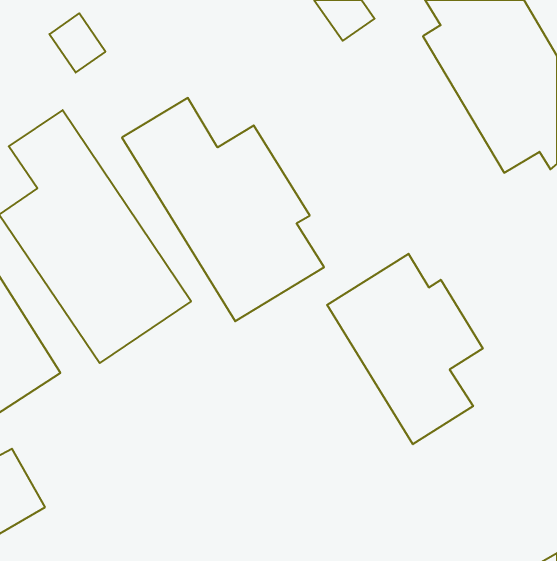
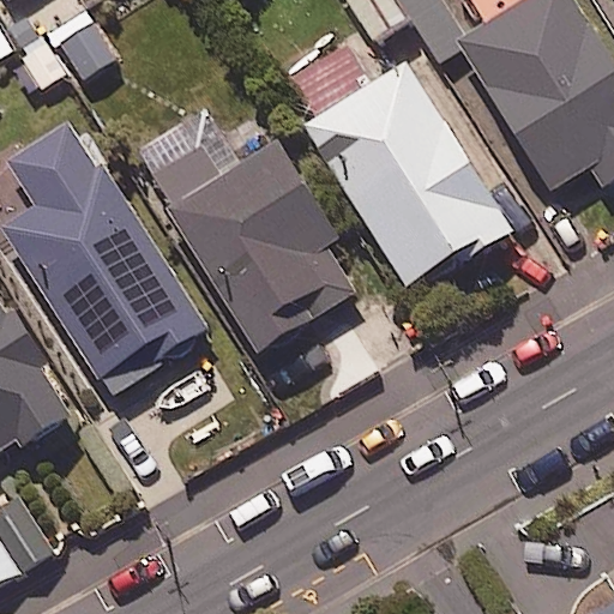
building: none -> [306,53,508,285]
building: [327,254,483,444] -> none

